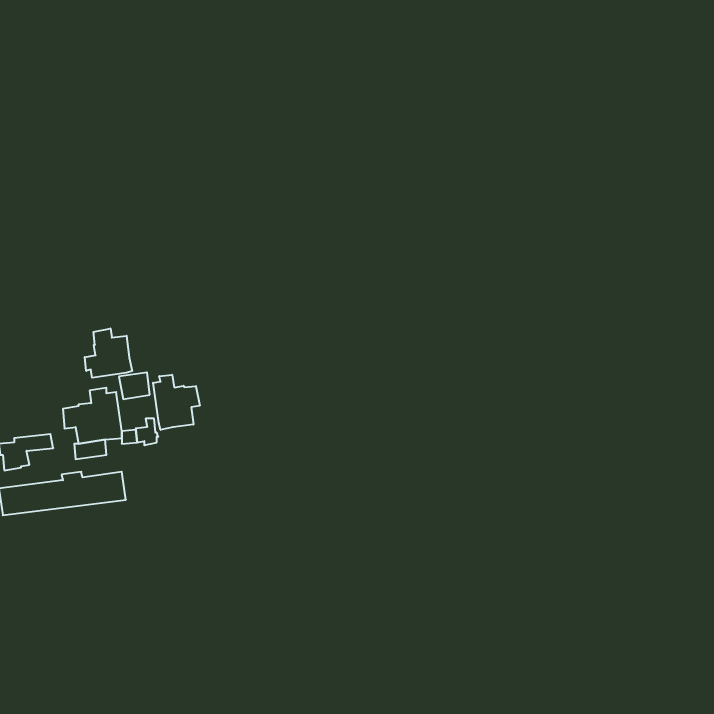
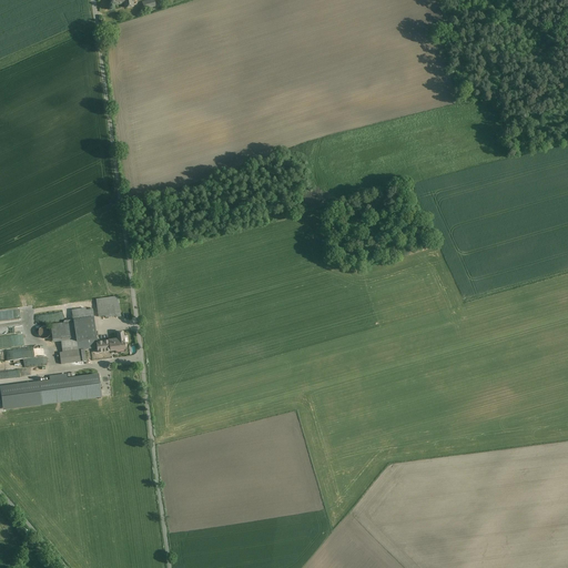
building: [85,328,132,378] -> none
building: [153,375,200,430] -> none

